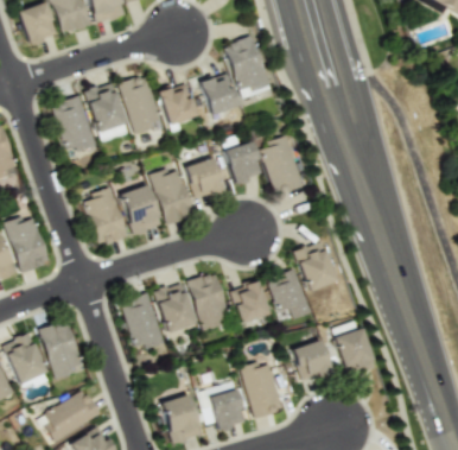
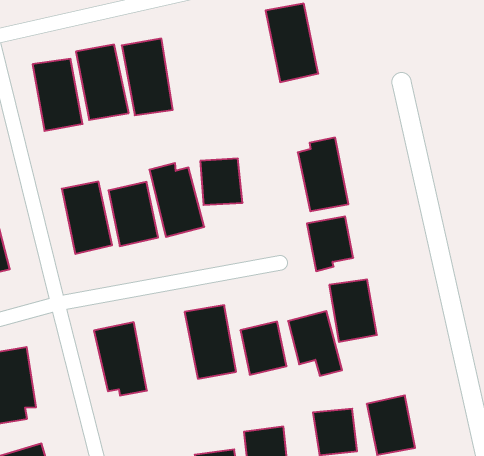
building: [201,74,237,114] -> none
building: [158,83,197,125] -> none
building: [225,141,263,185] -> [307,216,353,271]
building: [154,283,196,332] -> none

